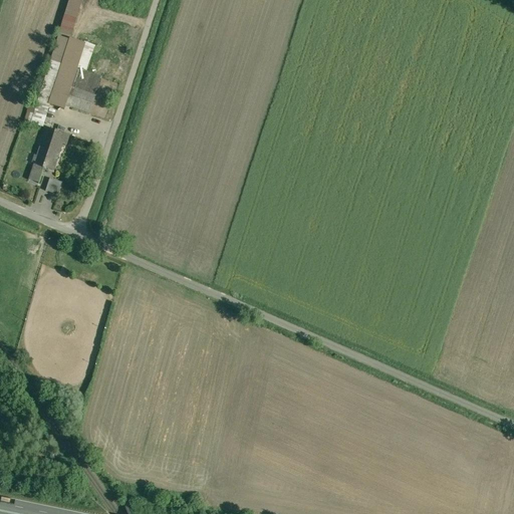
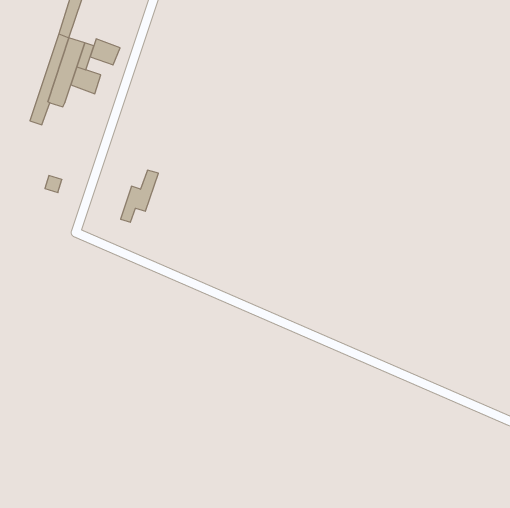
building: [65,85,95,111] -> [90,39,120,65]
building: [28,130,66,182] -> [121,170,158,222]

